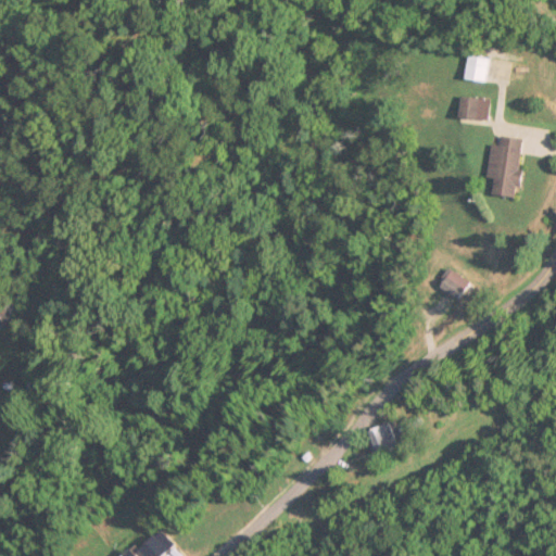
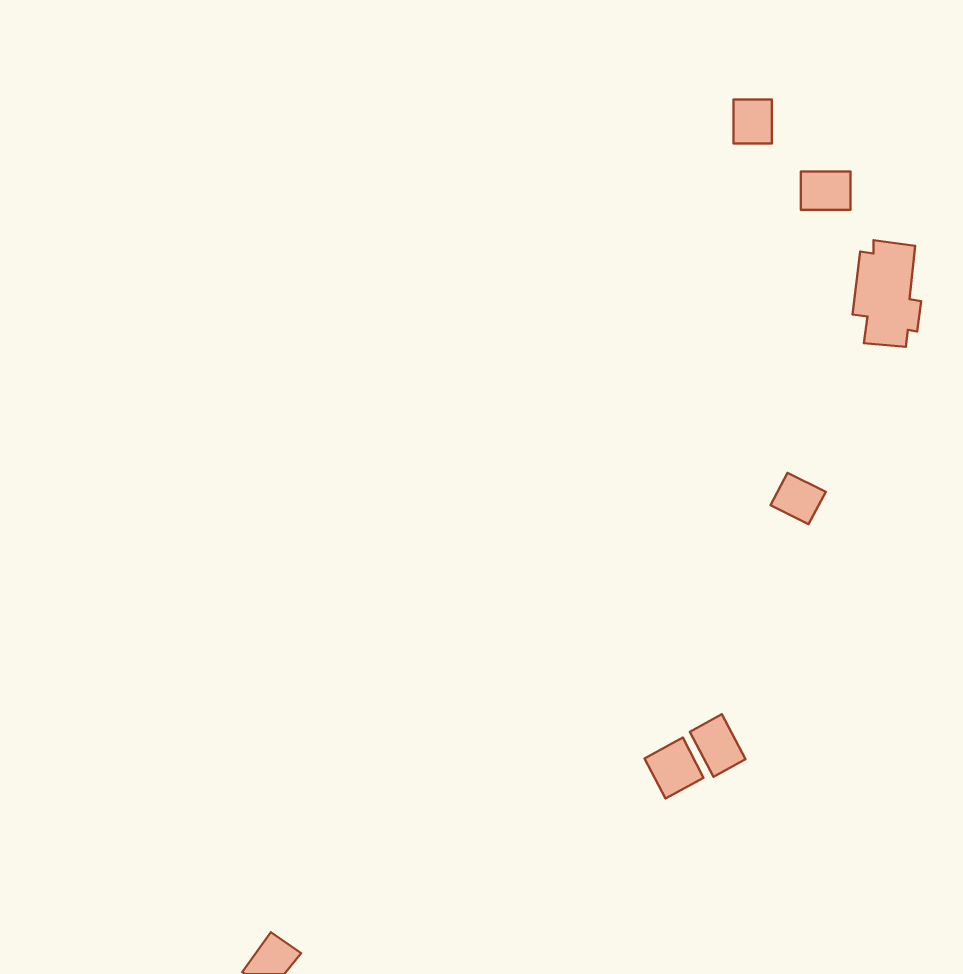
building: [465,56,486,81] -> [734,100,772,143]
building: none -> [690,714,746,777]

